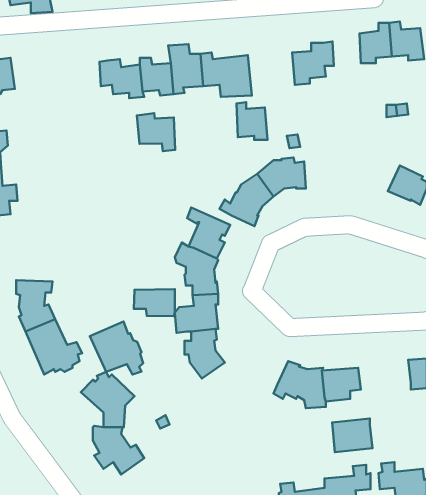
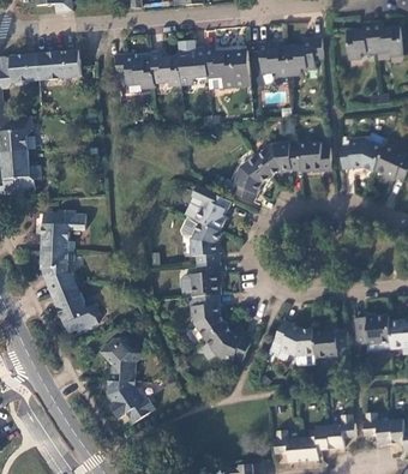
building: none -> [35,50,79,80]
building: [237,102,268,140] -> [260,43,288,77]
building: [137,113,175,151] -> none
building: none -> [296,138,330,172]
building: none -> [338,140,382,172]
building: none -> [40,210,85,252]
building: [134,289,175,316] -> none
building: [90,321,143,375] -> none
building: none -> [205,324,251,364]
building: [332,419,373,452] -> [355,316,391,346]

